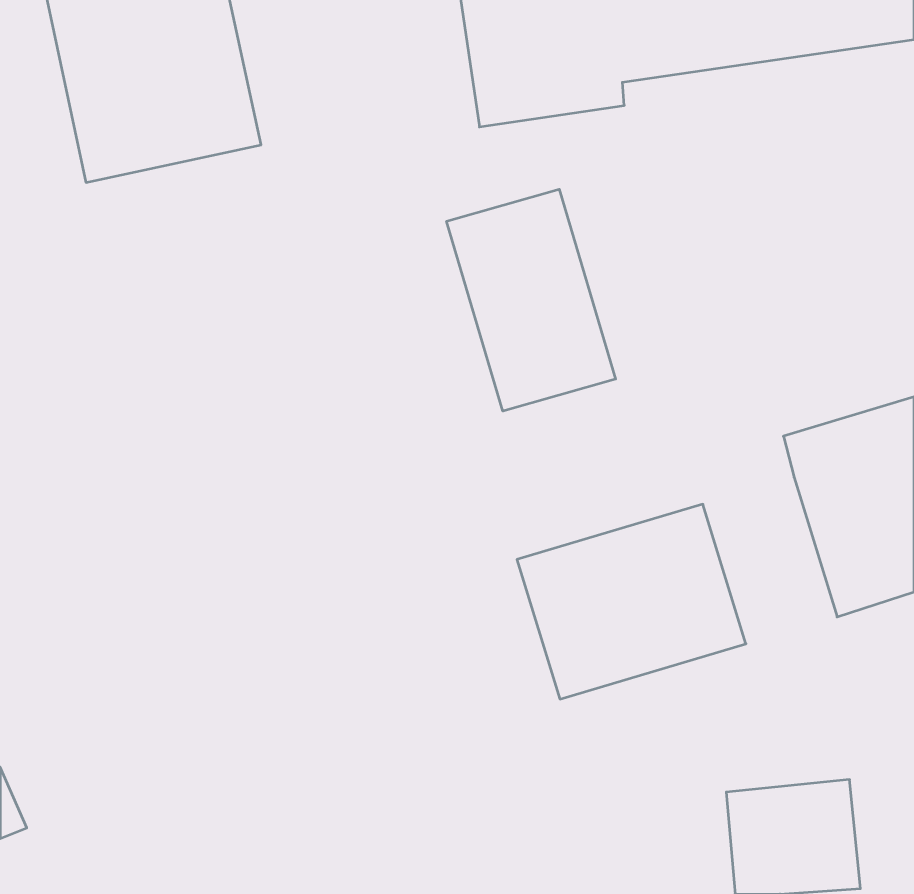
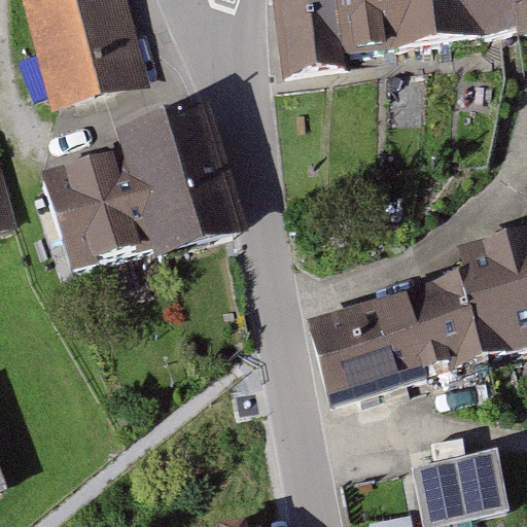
building: none -> [47,103,243,265]
building: [447,189,616,411] -> none
building: none -> [405,275,482,371]

